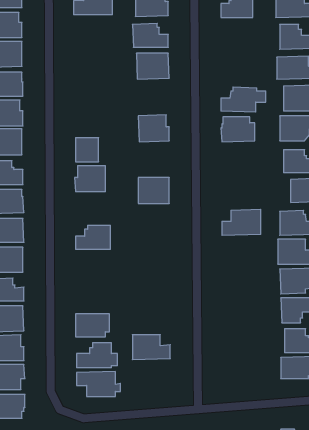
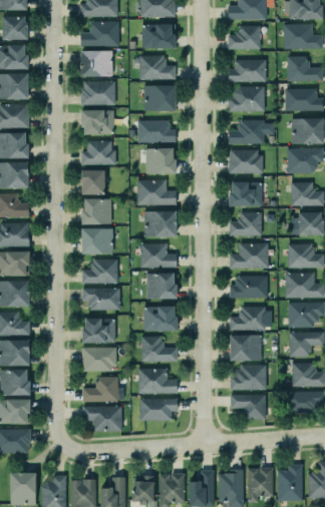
building: none -> [81,50,113,76]
building: none -> [229,59,267,82]
building: none -> [81,80,116,105]
building: none -> [229,86,265,111]
building: none -> [81,109,115,134]
building: none -> [138,120,176,142]
building: none -> [81,140,116,164]
building: none -> [137,179,177,205]
building: none -> [230,181,263,206]
building: none -> [230,212,262,235]
building: none -> [81,227,113,254]
building: none -> [141,243,177,268]
building: none -> [146,273,178,299]
building: none -> [230,276,268,298]
building: none -> [82,288,120,310]
building: none -> [143,306,178,331]
building: none -> [230,307,266,331]
building: none -> [82,318,115,343]
building: none -> [231,335,262,361]
building: none -> [141,337,178,362]
building: none -> [230,365,267,390]
building: none -> [231,394,266,420]
building: none -> [140,399,178,421]

